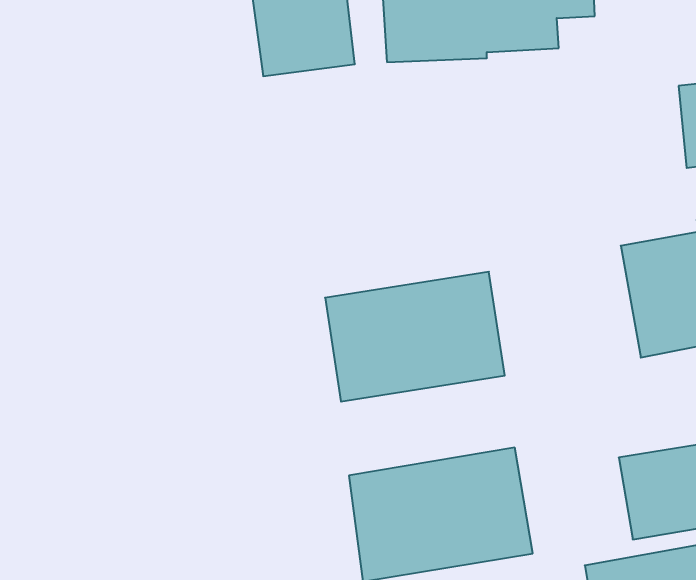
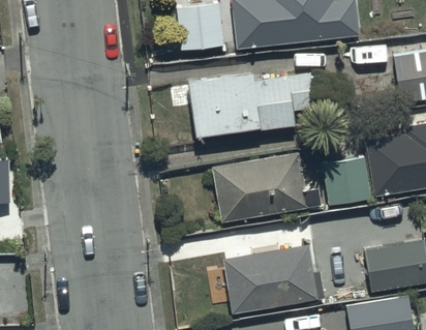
building: none -> [184,74,324,143]
building: none -> [318,160,365,207]

